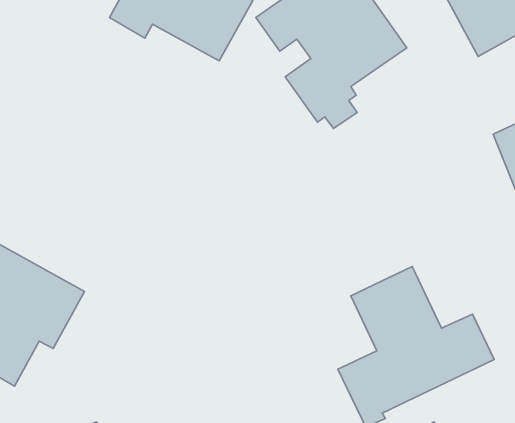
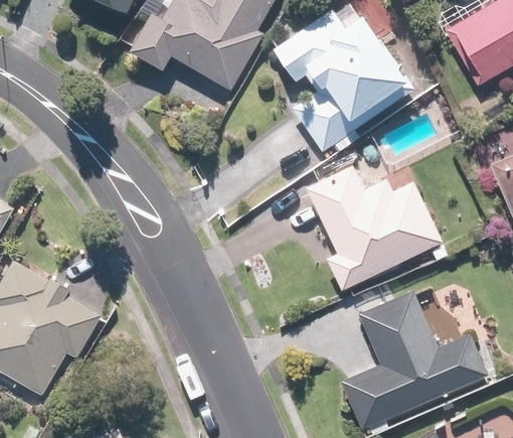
building: none -> [305,163,442,293]

